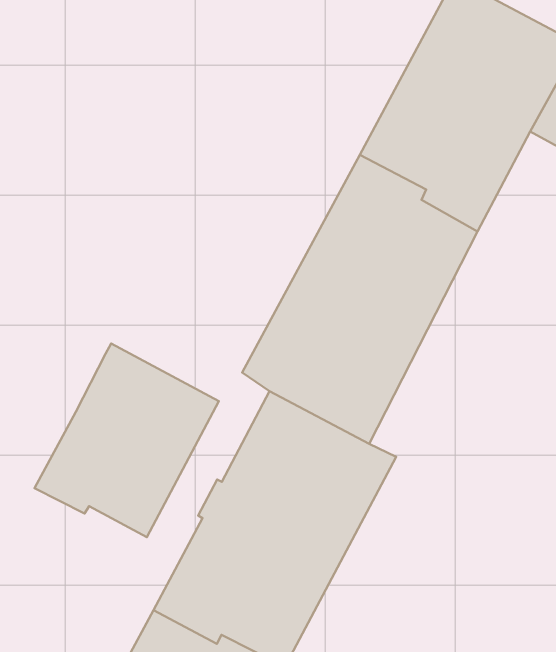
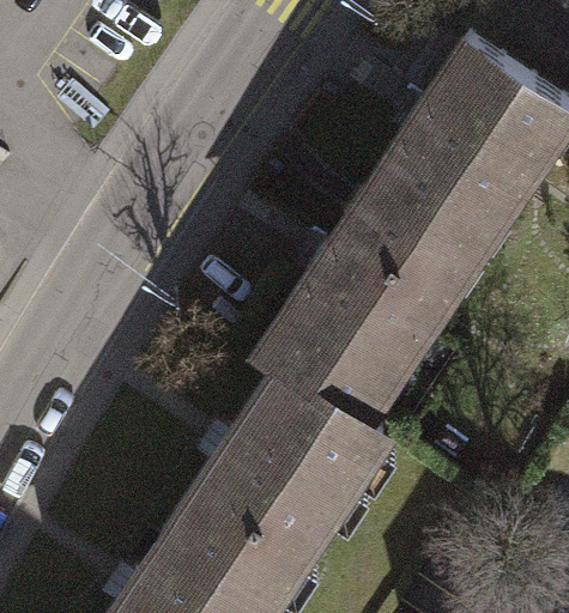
building: [35,343,219,537] -> none

